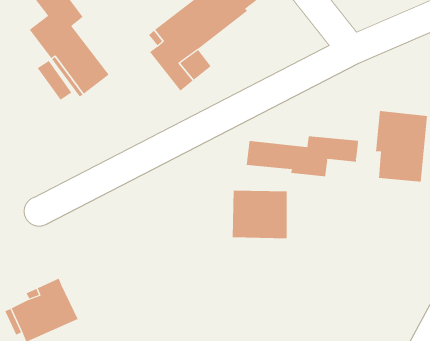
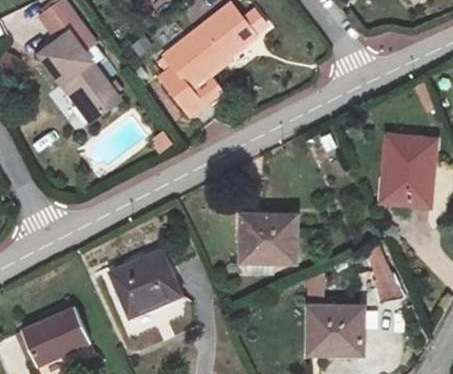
building: [246,136,358,177] -> none
building: none -> [369,244,403,303]
building: none -> [107,249,181,319]
building: none -> [308,307,363,354]

